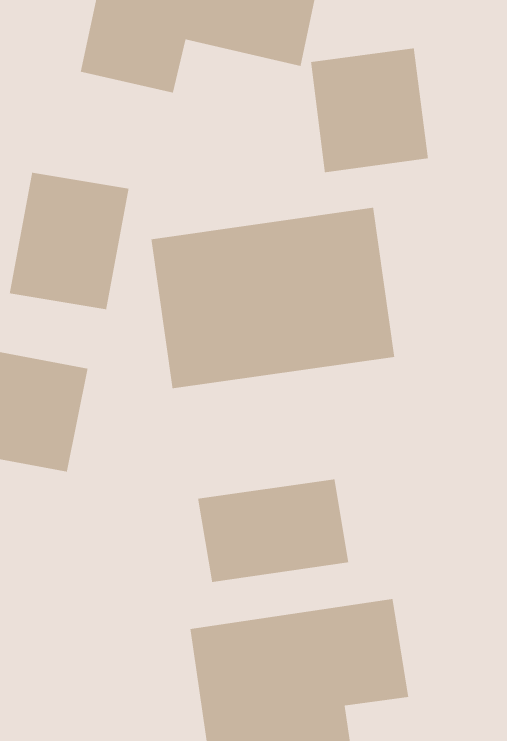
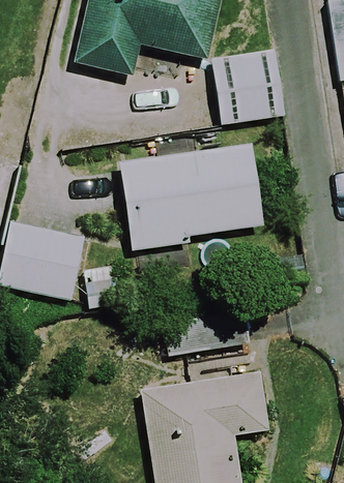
building: [9,172,129,310] -> none
building: [197,479,349,583] -> none

